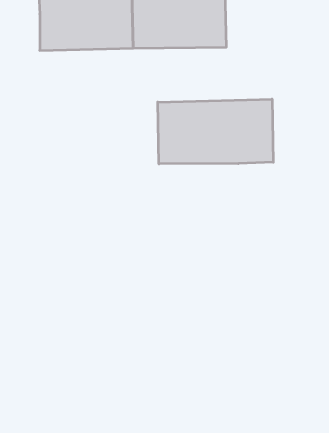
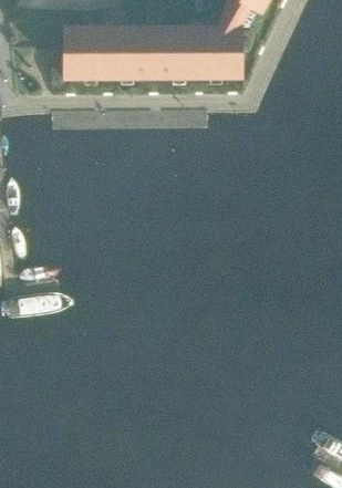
building: [158,99,273,164] -> none

